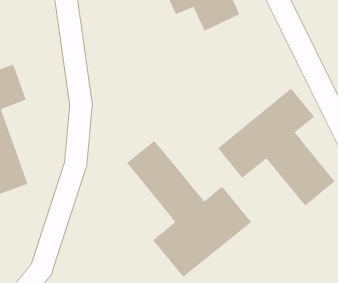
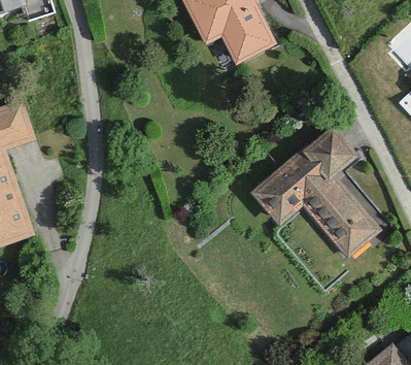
building: [126,140,252,278] -> none

